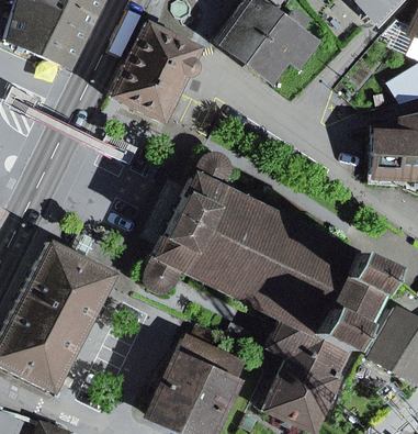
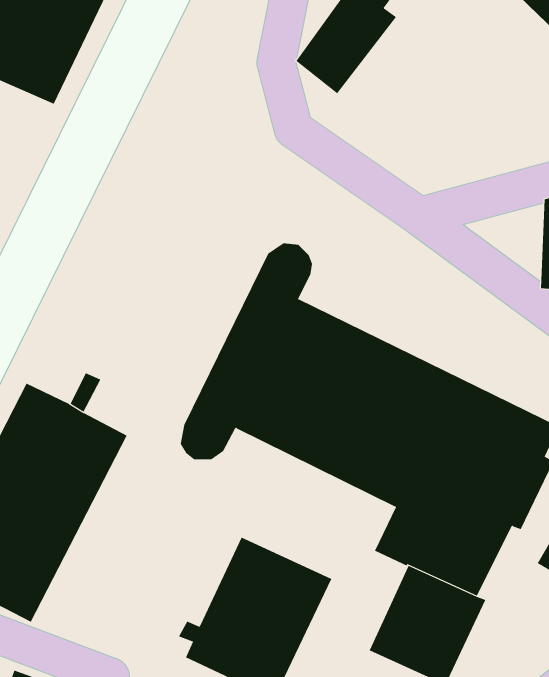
building: [244,10,317,78] -> none
building: [109,23,197,123] -> none

